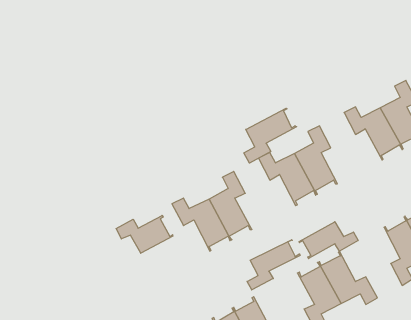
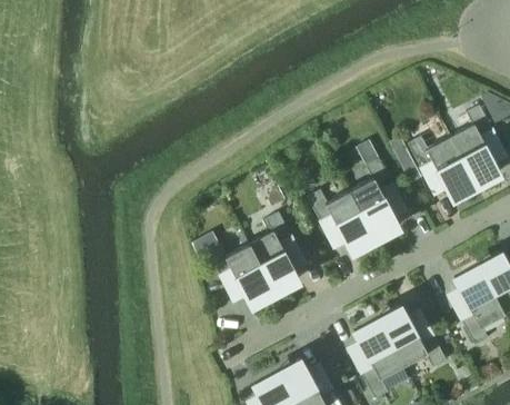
building: [244,108,297,163] -> none
building: [116,215,173,253] -> none
building: [299,222,358,259] -> none
building: [247,240,300,290] -> none

